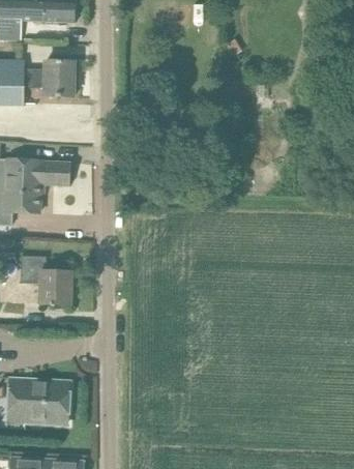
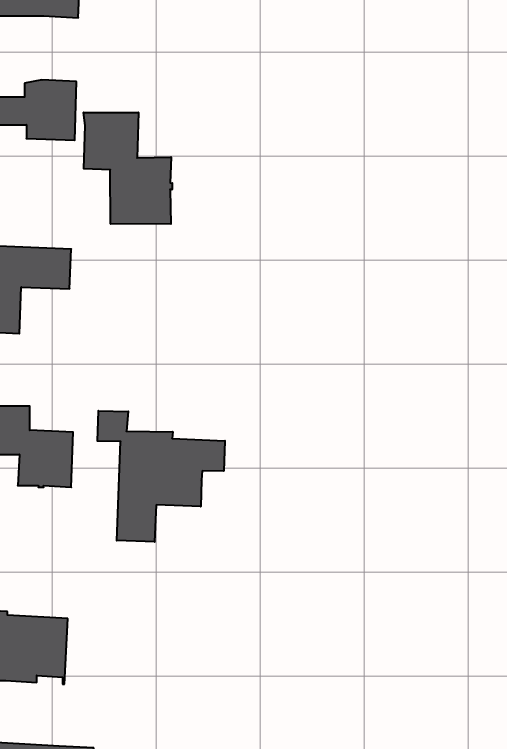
building: none -> [84,112,172,224]
building: none -> [97,411,225,542]

